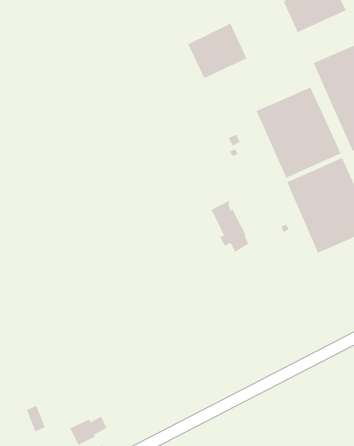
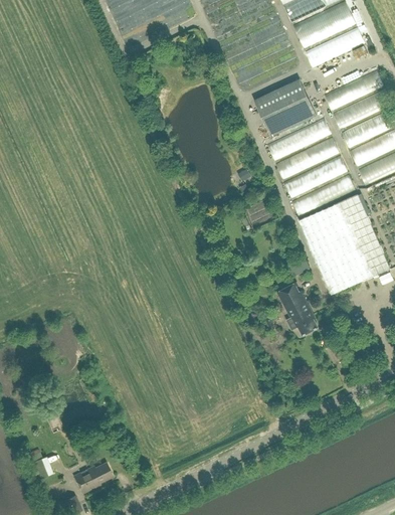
building: [187,23,247,79] -> [254,78,317,137]
building: [211,200,249,252] -> [277,282,318,336]

